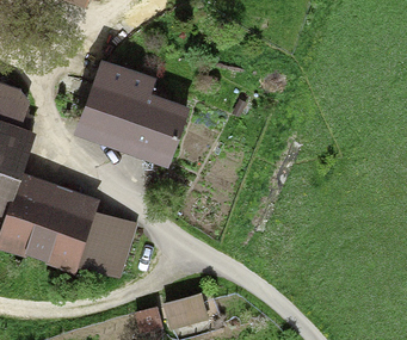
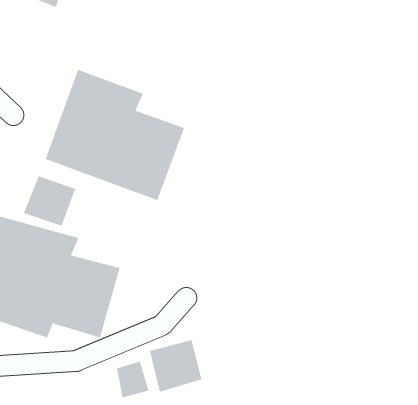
building: none -> [23,176,76,227]

